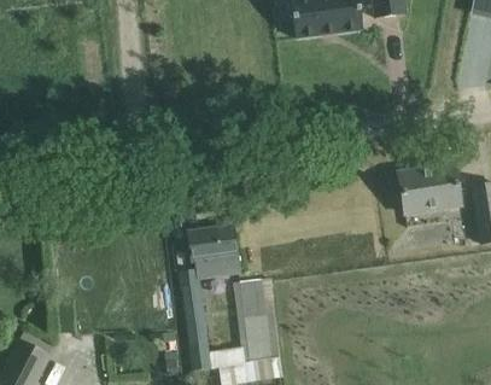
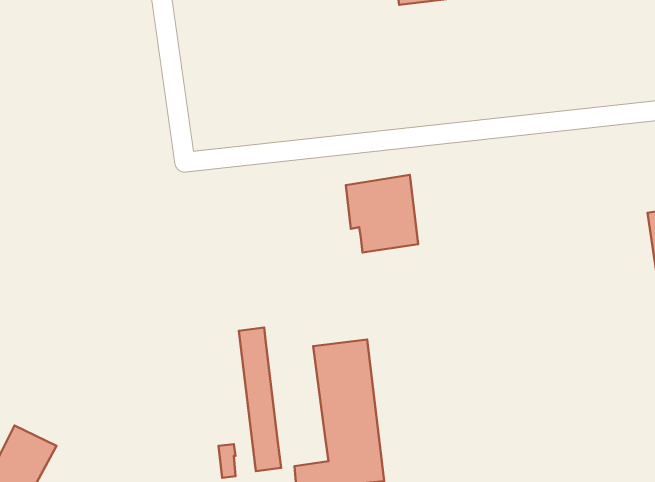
building: [398,163,460,212] -> none
building: [187,223,239,279] -> [346,175,418,253]

